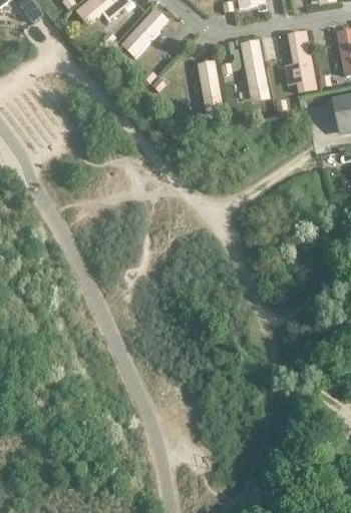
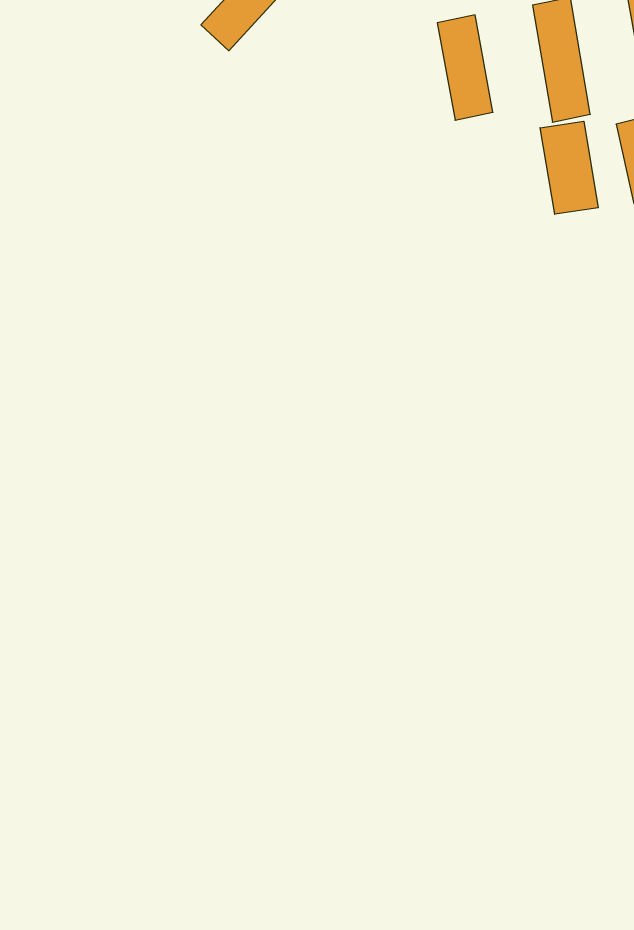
building: [196,60,222,111] -> none
building: none -> [540,121,598,214]

